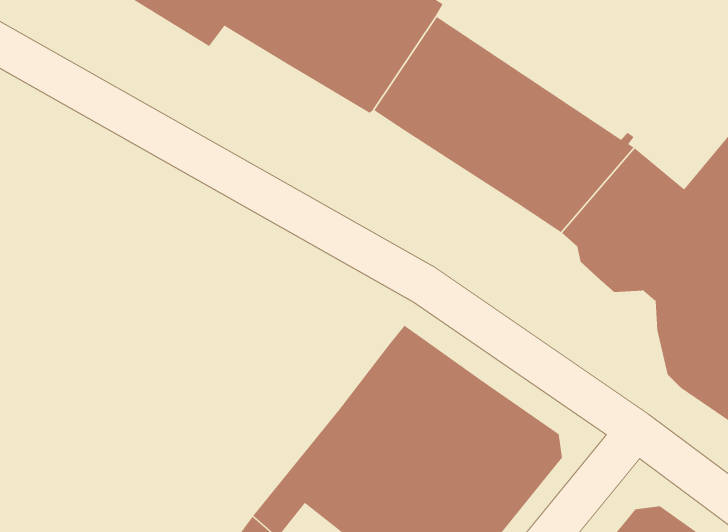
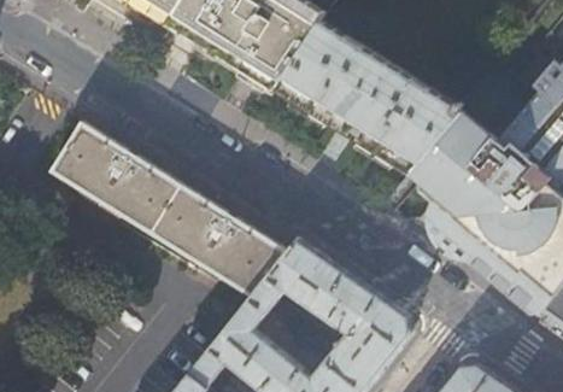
building: none -> [52,122,287,297]

